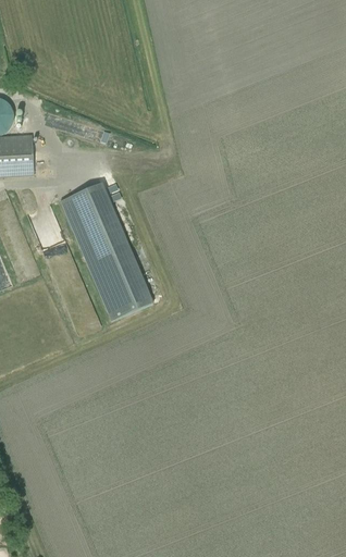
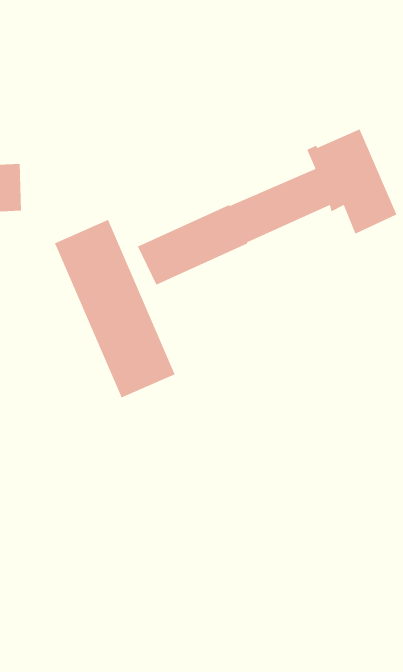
building: none -> [137,129,397,286]

